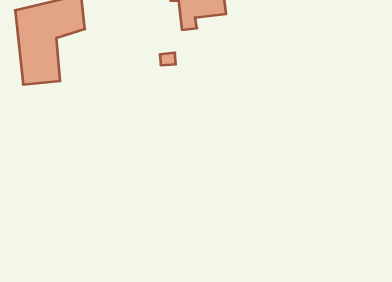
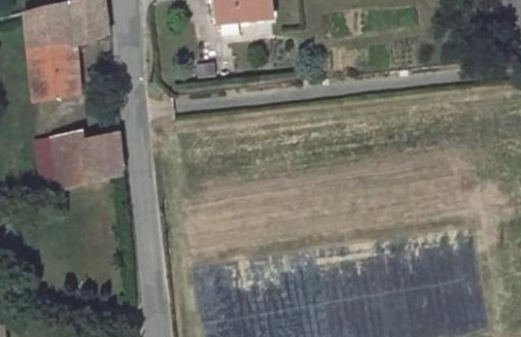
building: none -> [36,131,124,192]

